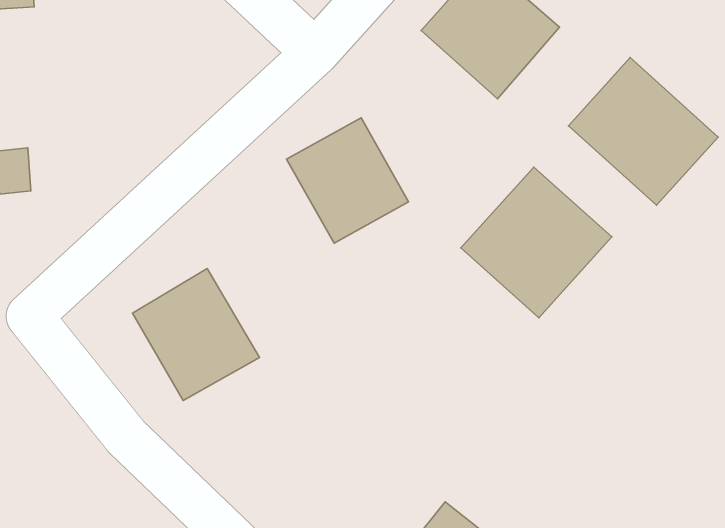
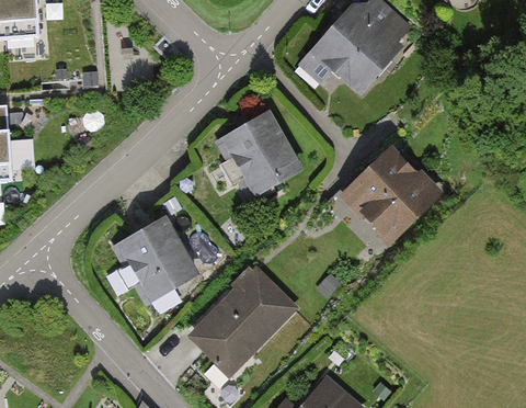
building: [568,58,718,205] -> none
building: none -> [186,268,296,379]

